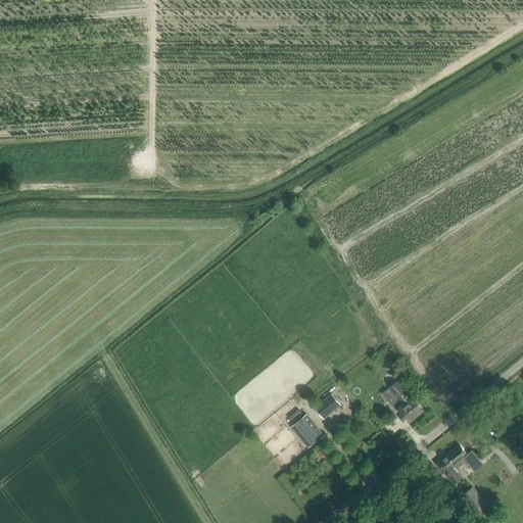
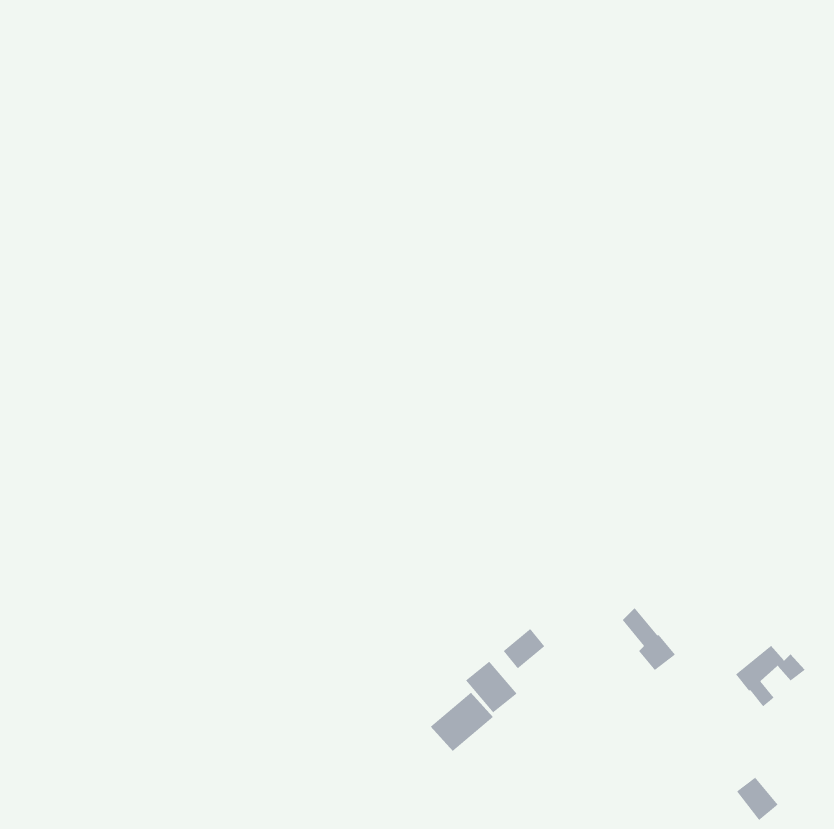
building: none -> [430,692,494,752]
building: [437,447,481,486] -> [735,645,805,707]

